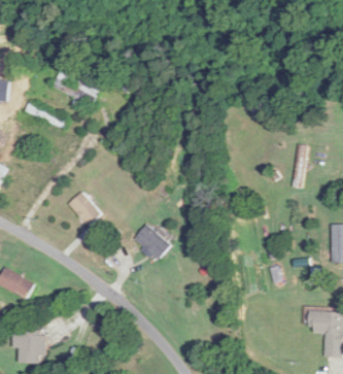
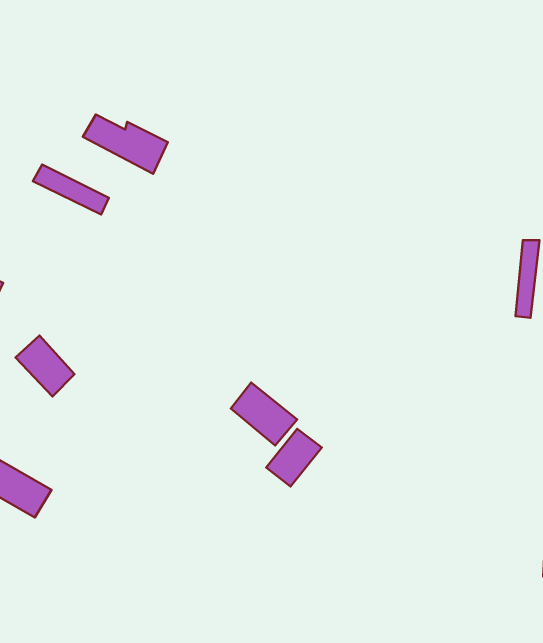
building: [69,193,102,227] -> [15,335,75,396]
building: none -> [266,429,322,486]
building: [13,329,46,365] -> none

